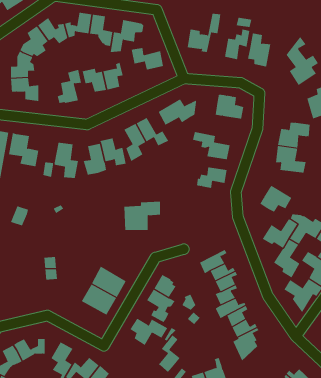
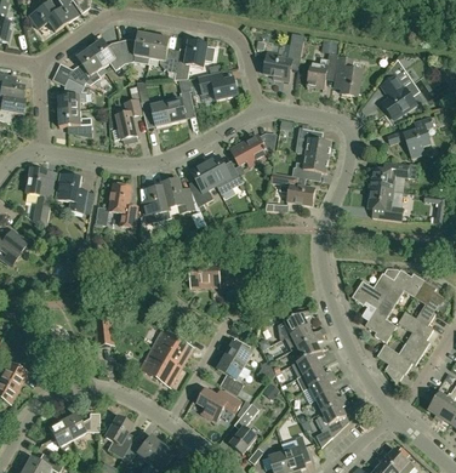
building: [196,167,227,189] -> [291,153,327,178]
building: [260,185,292,213] -> none

